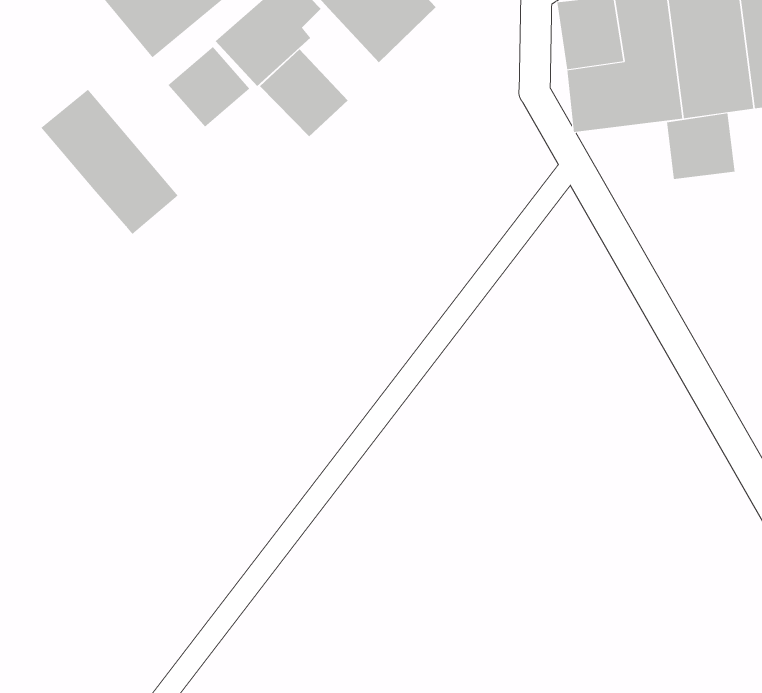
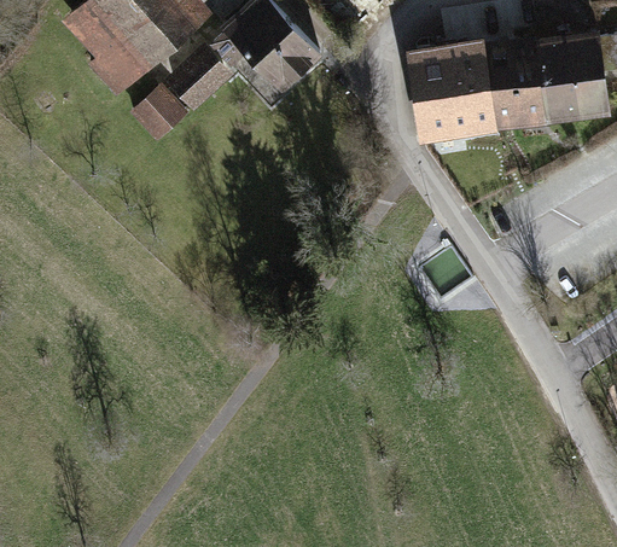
building: [259,48,349,137] -> none
building: [40,89,179,235] -> none
building: [666,113,735,180] -> none

